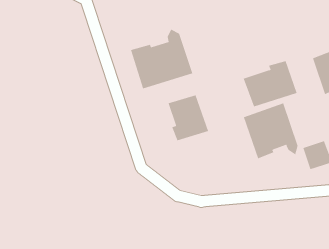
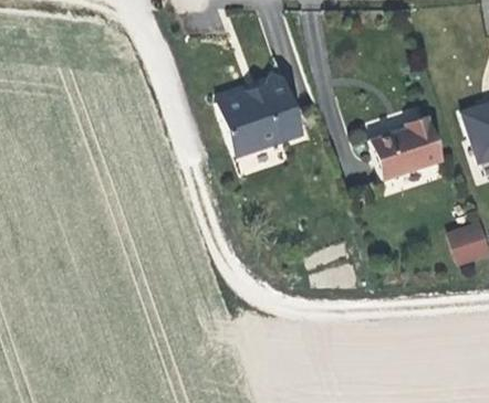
building: [168,95,209,141] -> none
building: [243,103,298,159] -> none

